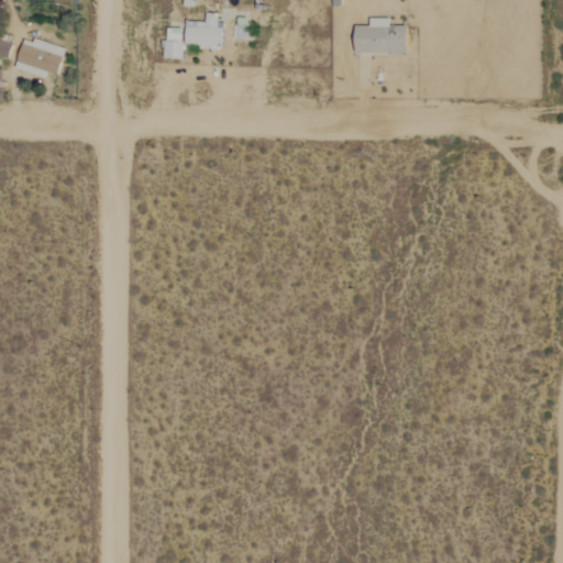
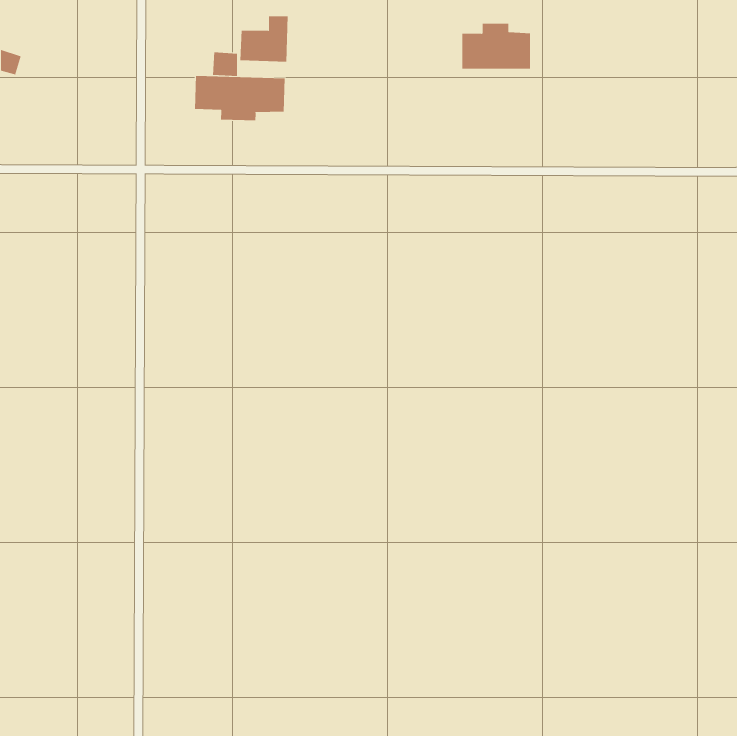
building: [19,35,69,78] -> none
building: none -> [195,75,285,121]

